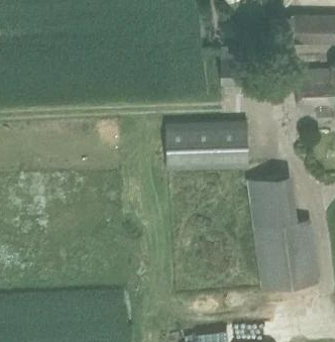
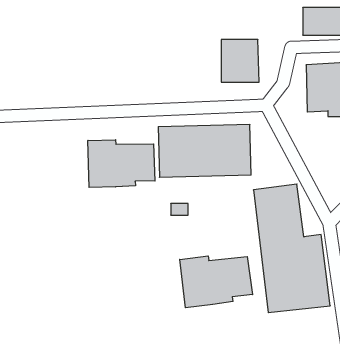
building: none -> [88,140,155,187]
building: none -> [180,256,253,308]

